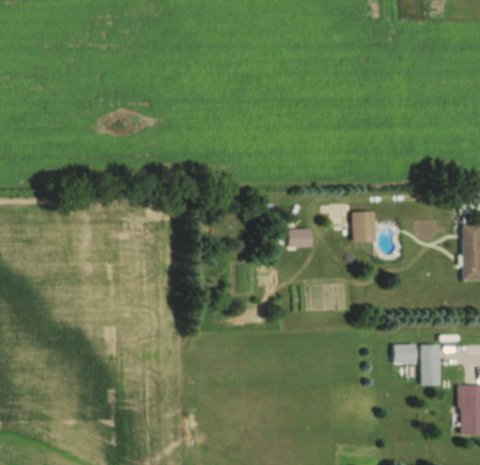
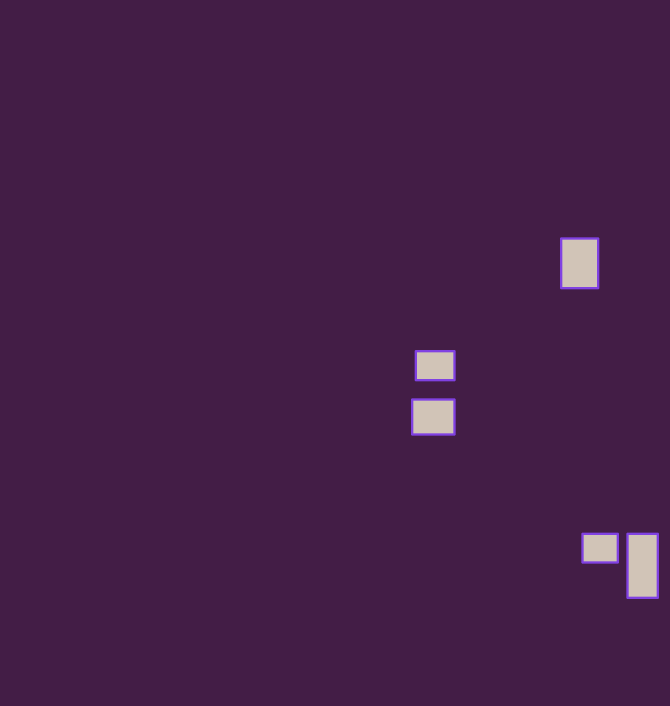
building: [353,212,376,243] -> [561,238,598,288]
building: none -> [412,399,454,434]

